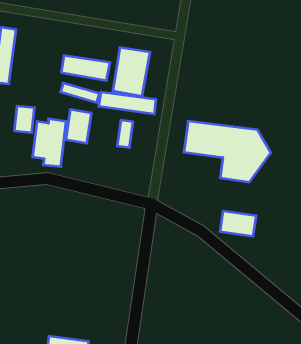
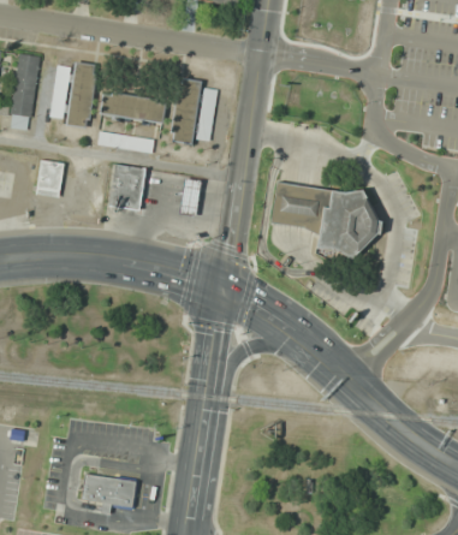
building: [99,92,156,114] -> none
building: [32,119,66,167] -> [52,63,97,127]
building: [220,211,256,236] -> none

